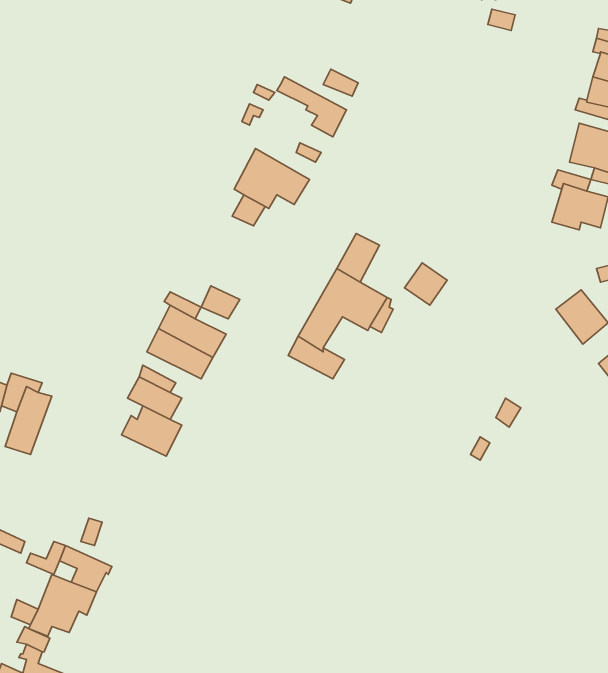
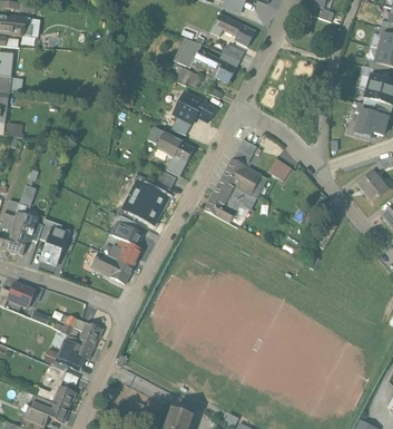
building: none -> [215,11,256,46]
building: none -> [148,126,194,175]
building: none -> [91,250,134,282]

